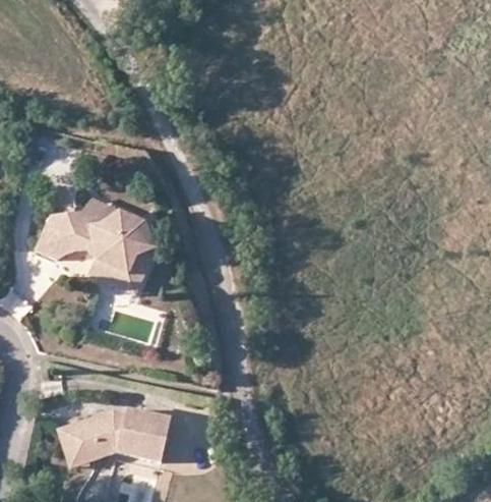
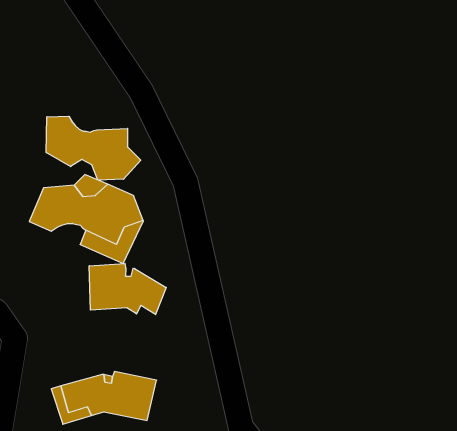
building: none -> [46,116,141,180]
building: none -> [89,263,166,315]

